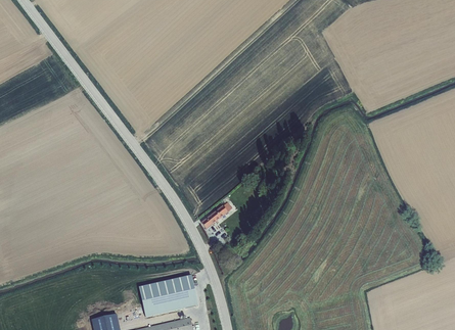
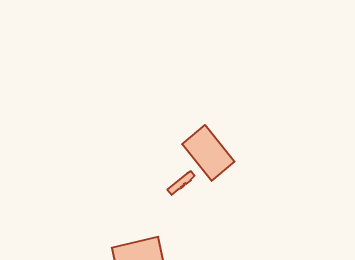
building: none -> [182,125,235,181]

